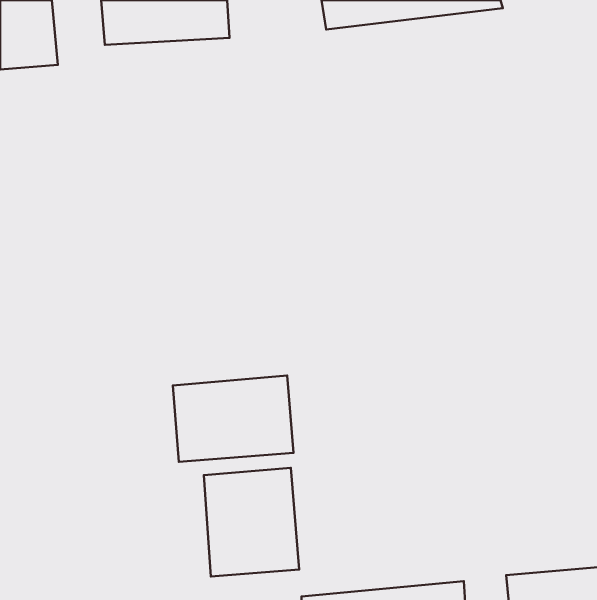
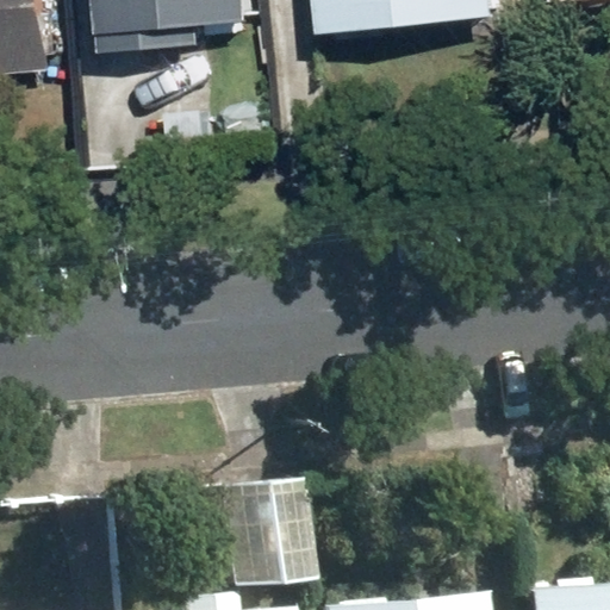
building: [173,376,293,462] -> none

